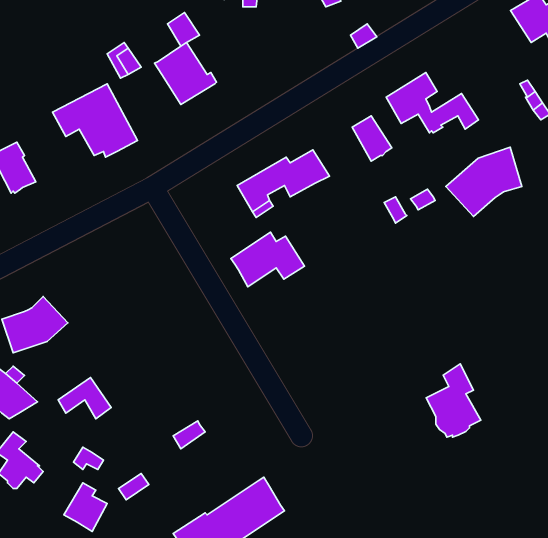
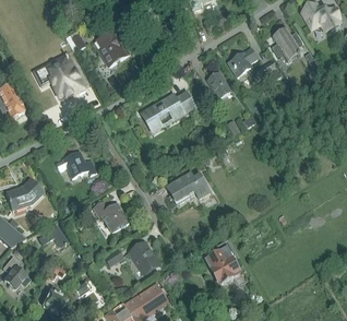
building: none -> [272,26,302,61]
building: [446,147,522,216] -> none
building: [231,232,304,287] -> [168,170,211,202]
building: none -> [57,151,96,178]
building: none -> [93,200,129,231]
building: [426,364,481,437] -> [207,240,239,283]
building: none -> [130,242,159,273]

